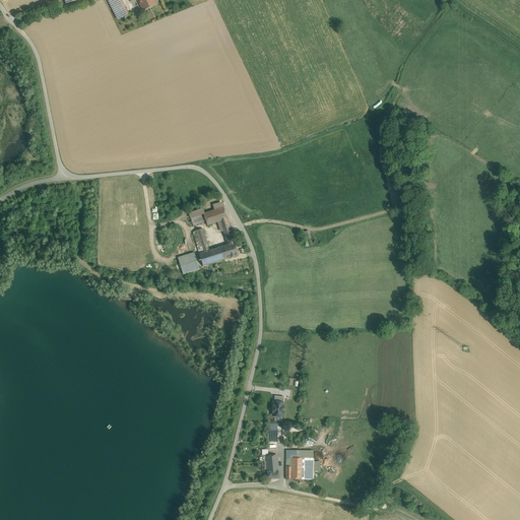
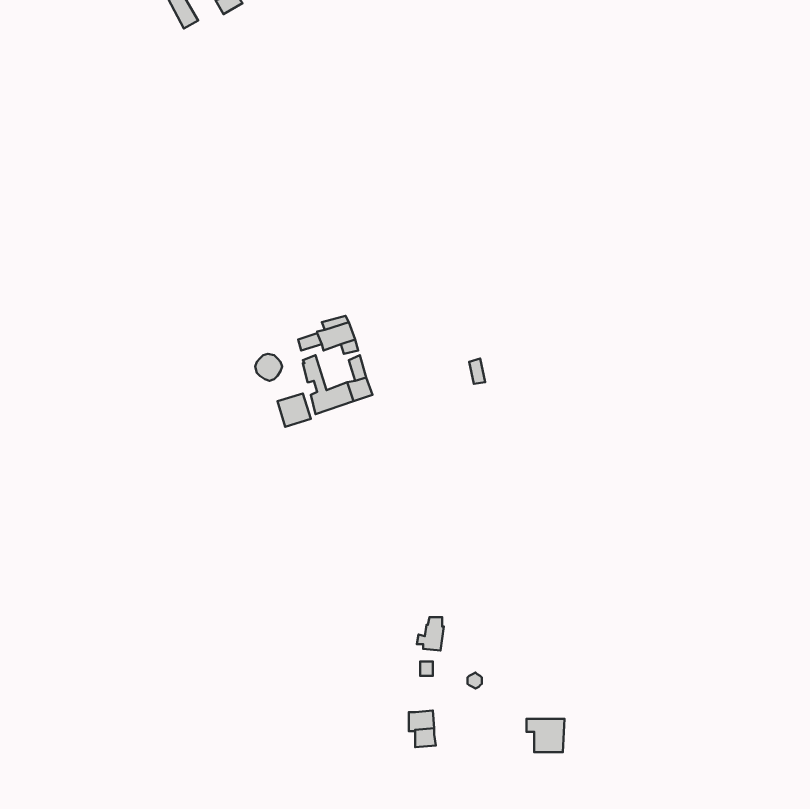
building: [286,457,311,478] -> [526,719,564,752]

